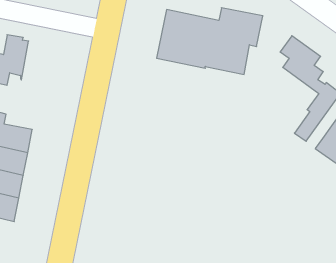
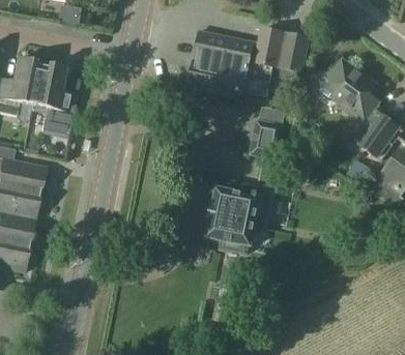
building: none -> [31,64,76,135]
building: none -> [205,120,283,253]

